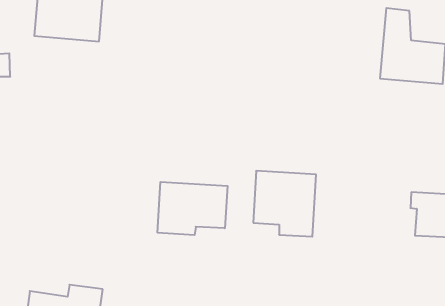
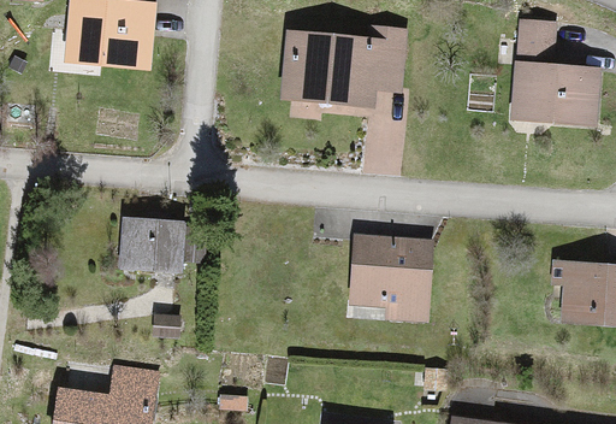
building: none -> [283,28,407,100]
building: none -> [120,220,185,273]
building: [158,182,228,235] -> none

